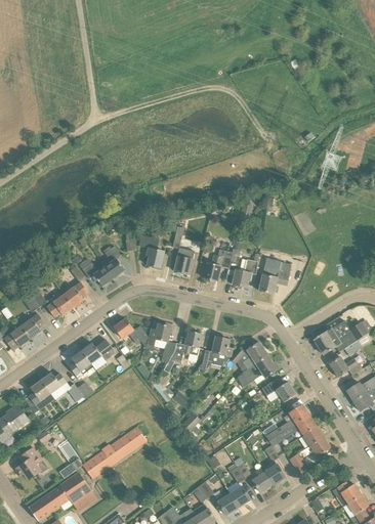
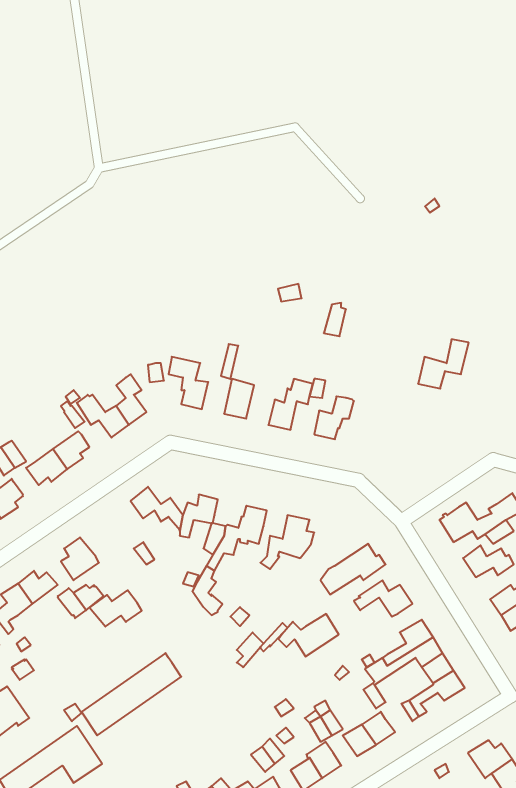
building: [258,262,291,294] -> [418,339,469,389]
building: [81,340,115,363] -> [90,590,142,627]
building: [228,342,267,369] -> [279,614,339,657]

